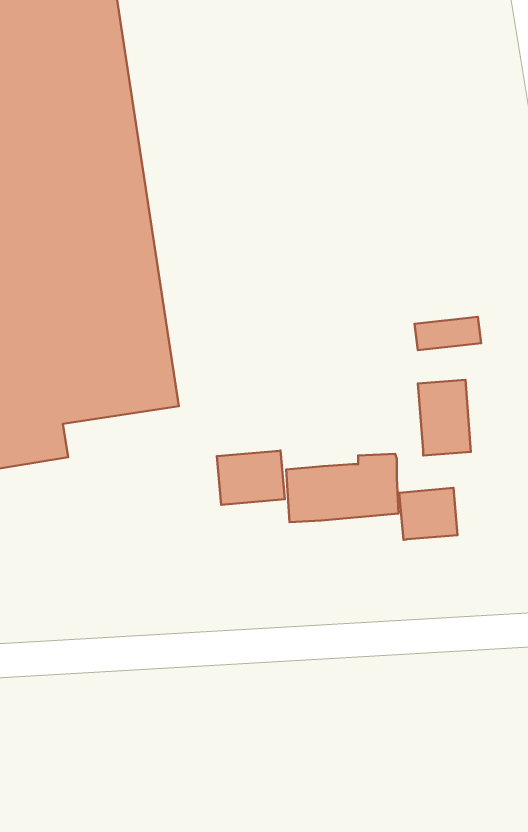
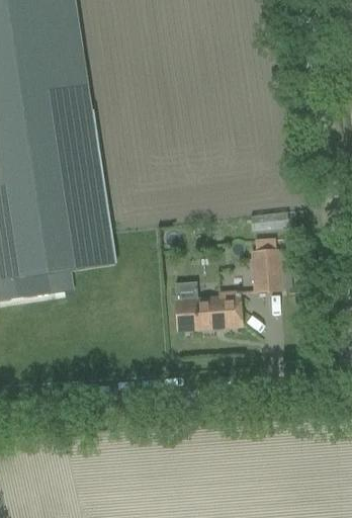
building: [217,450,285,505] -> none
building: [399,488,458,540] -> none

